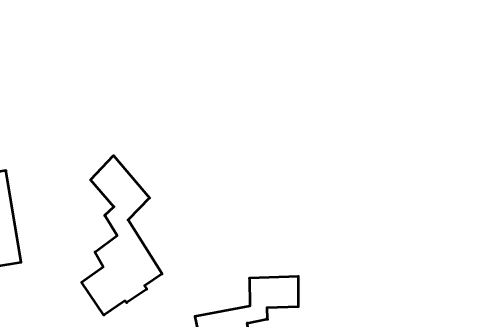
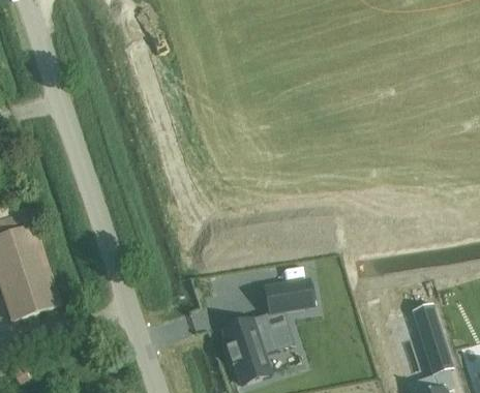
building: [82,156,162,315] -> none

